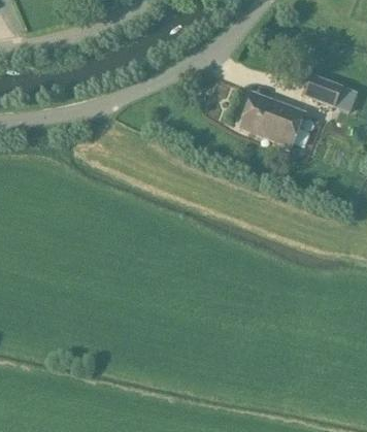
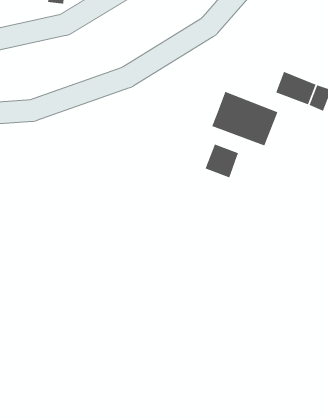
building: none -> [204,143,239,179]

